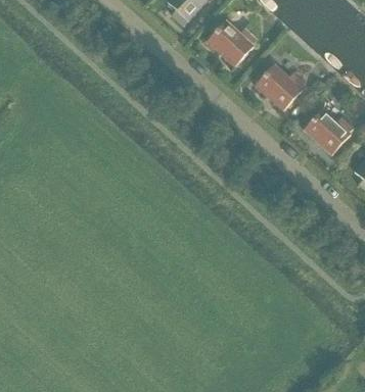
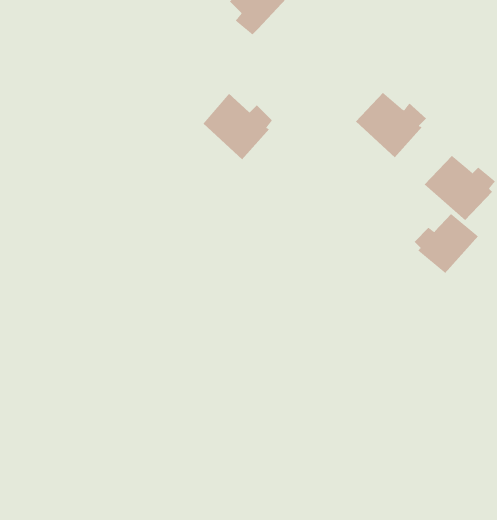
building: [209,20,258,67] -> [203,93,273,160]
building: none -> [414,213,479,274]

